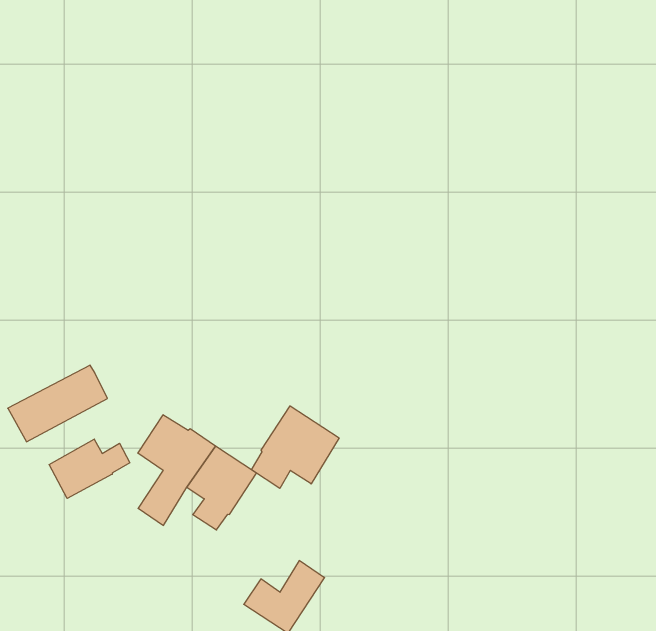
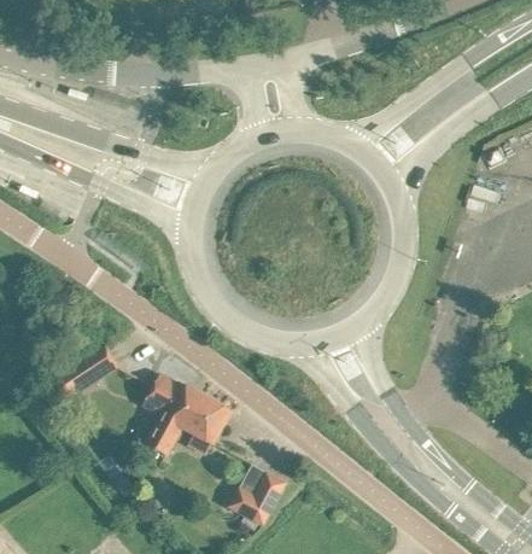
building: [252,406,339,488] -> none
building: [49,439,130,498] -> none

